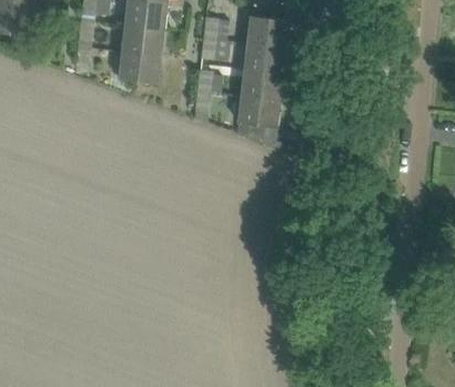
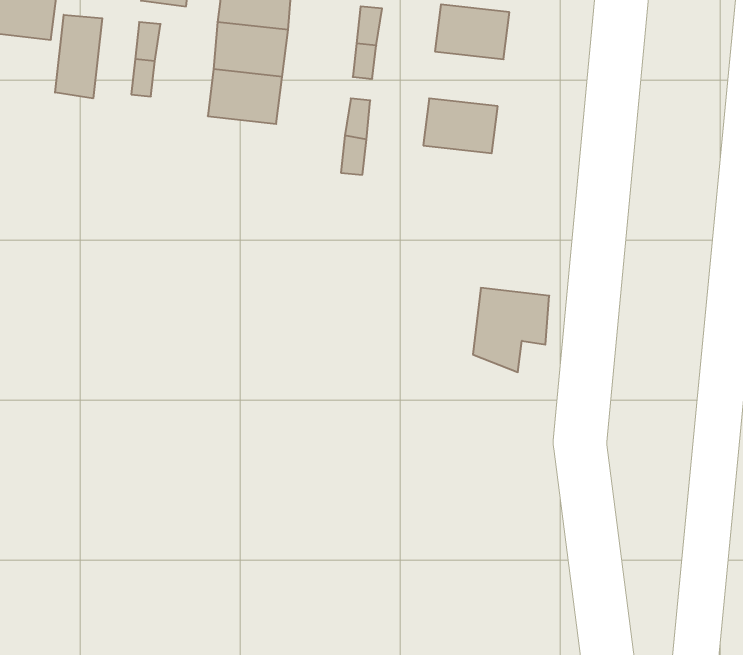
building: none -> [55,15,102,98]
building: [245,42,287,73] -> none
building: [237,95,281,143] -> [473,288,549,372]

